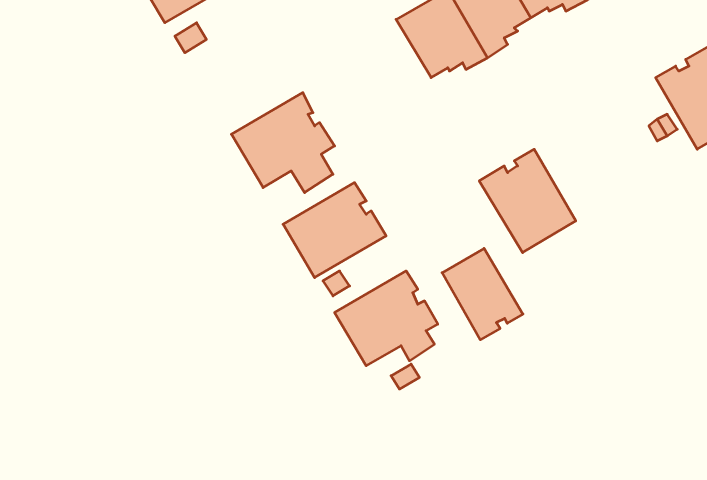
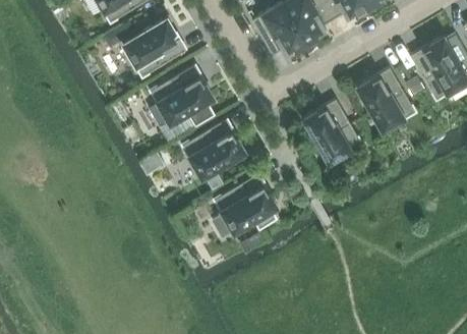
building: none -> [123,18,186,76]
building: none -> [356,68,415,131]
building: [442,248,523,340] -> none

